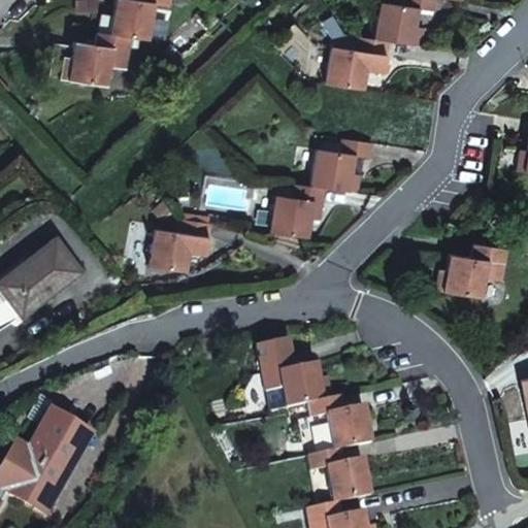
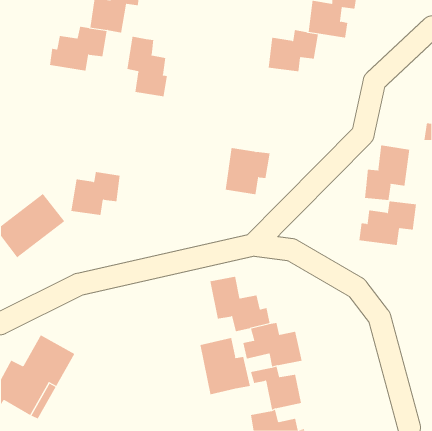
building: none -> [127,36,167,97]
building: [312,137,374,192] -> none
building: none -> [364,144,410,201]
building: [156,217,217,270] -> [71,171,121,215]
building: none -> [200,337,250,395]

